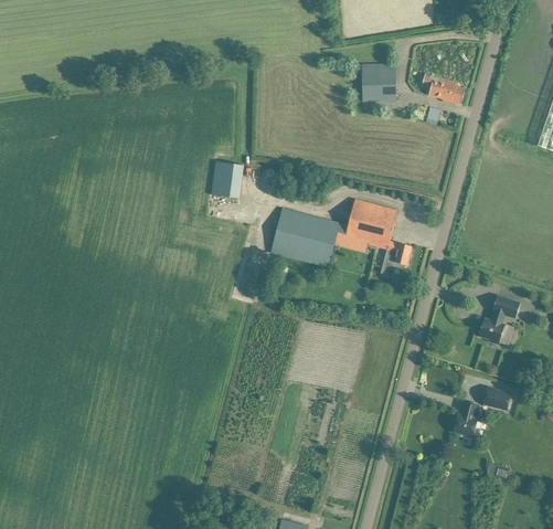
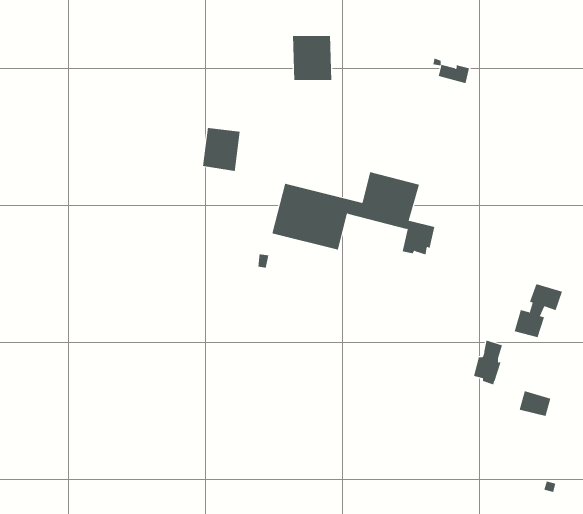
building: [363,64,397,103] -> [292,35,332,80]
building: [422,74,466,105] -> none
building: [454,401,479,440] -> [473,340,503,385]

